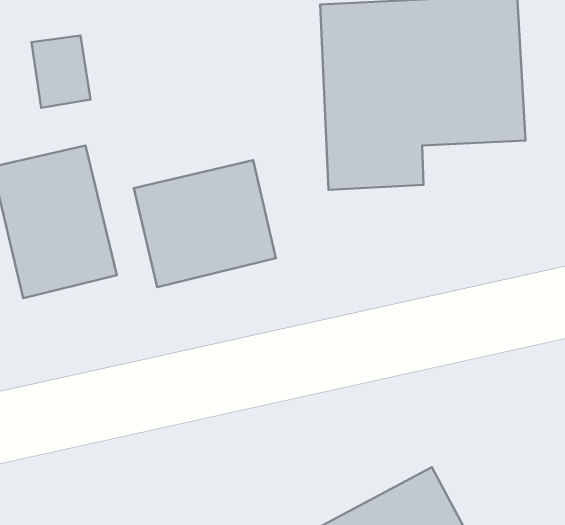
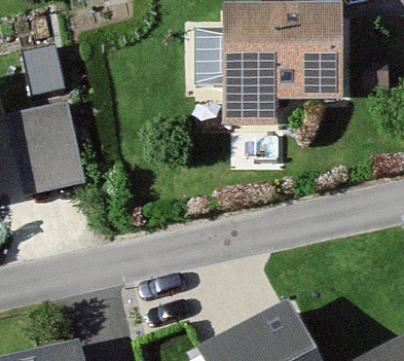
building: [134,160,276,287] -> none

